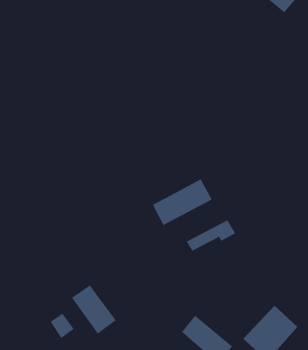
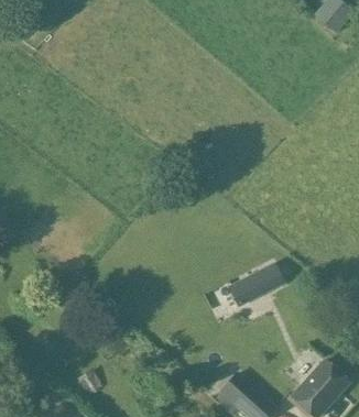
building: [152,179,213,226] -> none
building: [71,284,117,335] -> none

